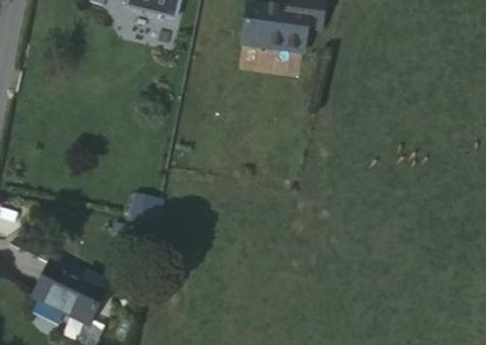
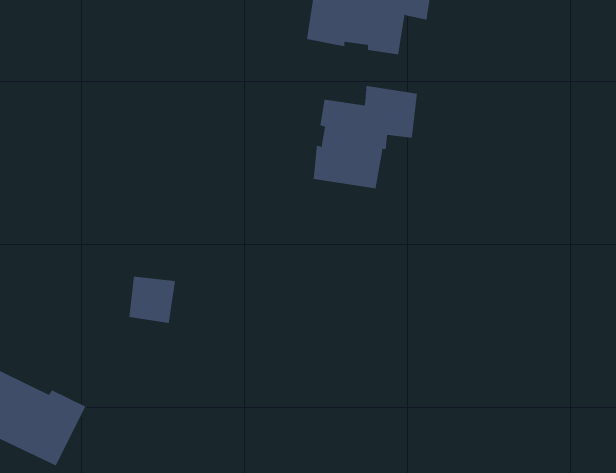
building: none -> [313,85,418,189]

